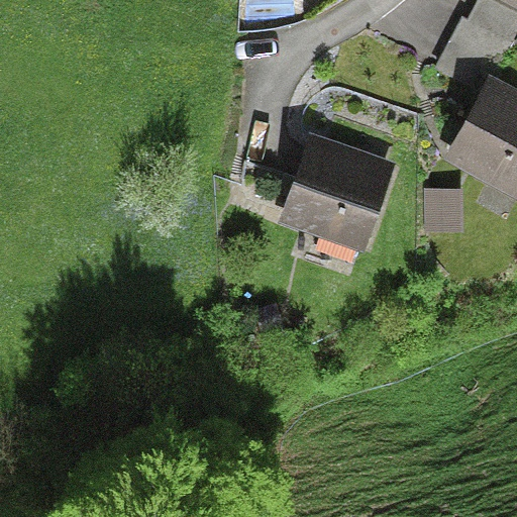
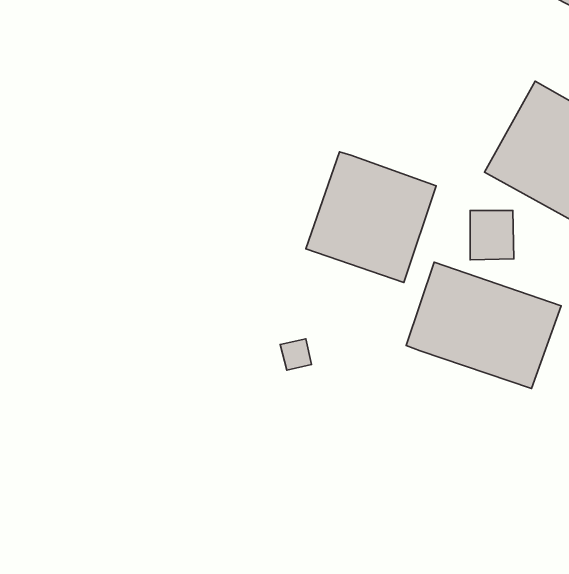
building: none -> [406,262,561,388]

